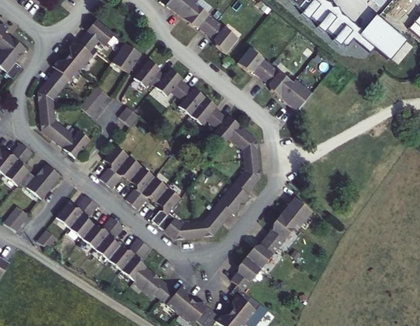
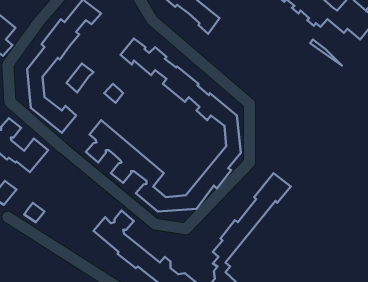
building: [113,41,143,71] -> none
building: [238,48,312,112] -> none
building: [57,195,124,259] -> none

